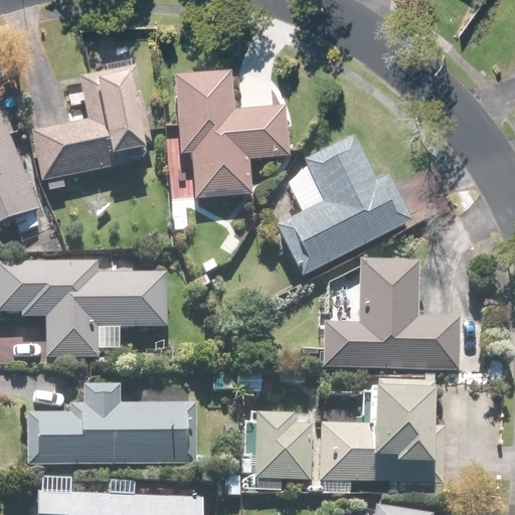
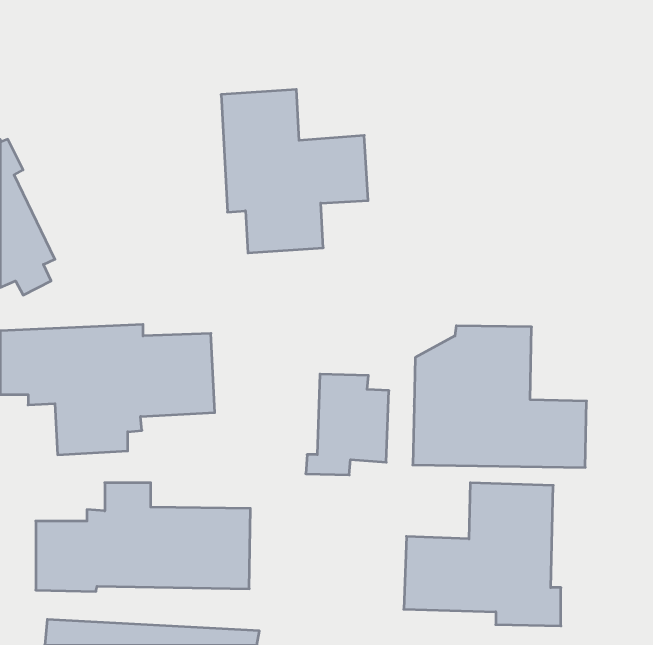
building: [30,64,148,189] -> none
building: [276,133,412,277] -> none
building: [246,411,312,491] -> [306,374,389,475]

